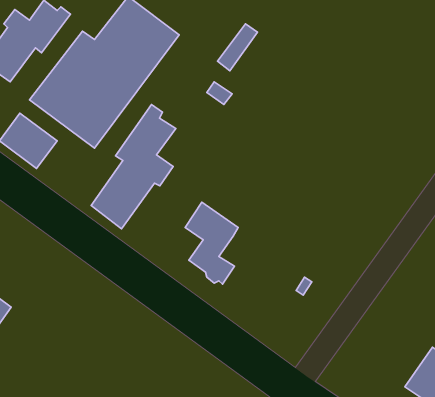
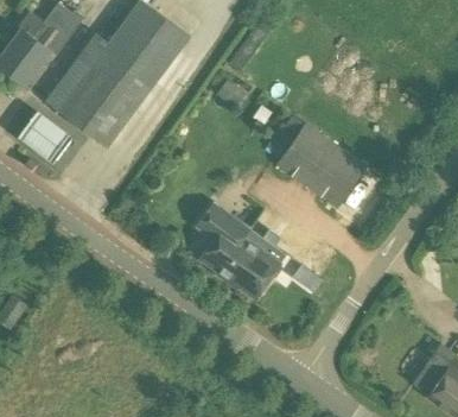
building: [91,104,176,229] -> none
building: none -> [269,122,368,208]
building: none -> [230,235,281,298]

